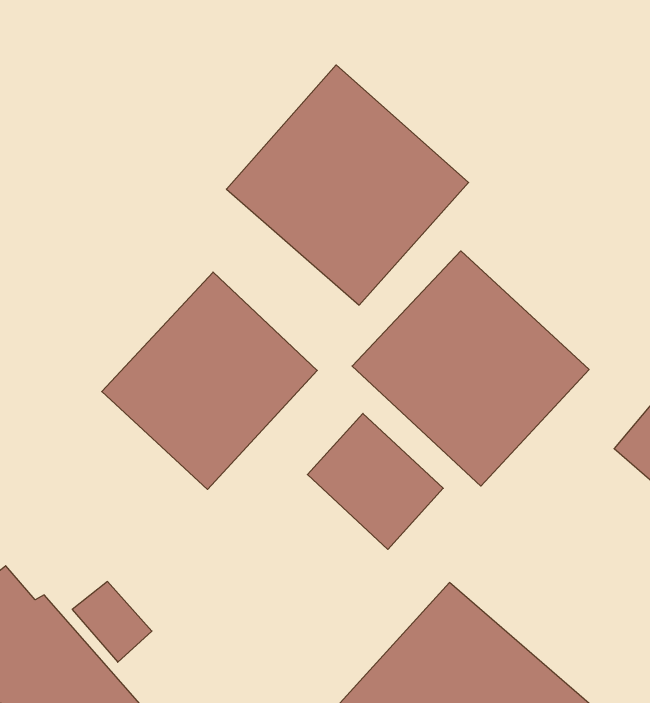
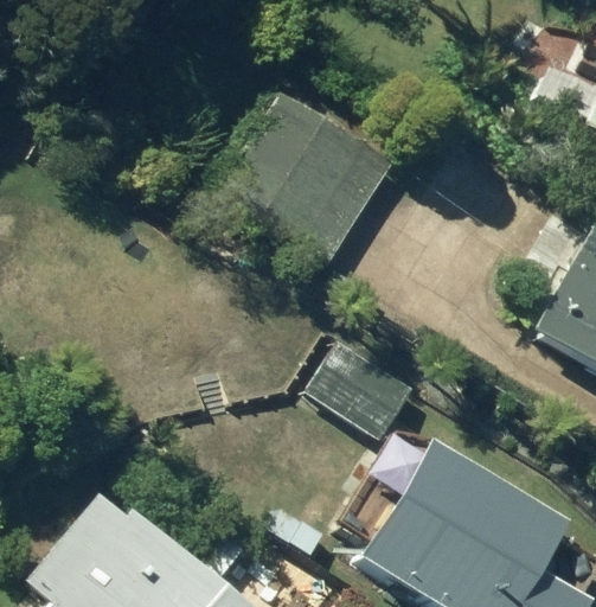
building: [352,251,589,486] -> none
building: [102,272,317,489] -> none

